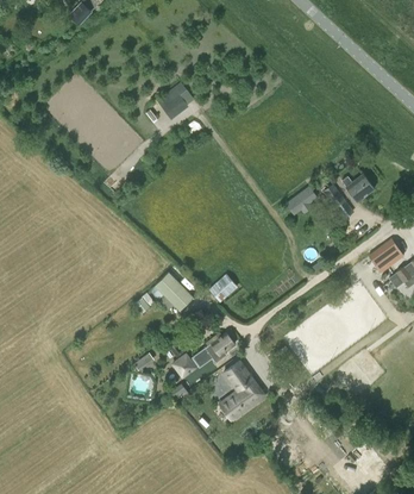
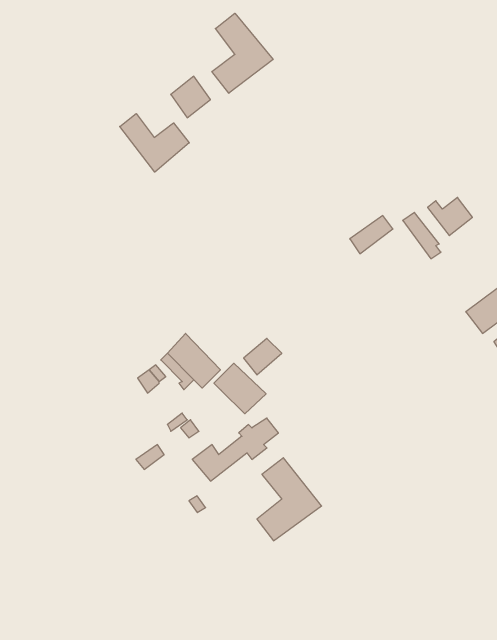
building: none -> [212,13,273,93]
building: none -> [120,114,189,172]
building: none -> [214,363,266,414]

